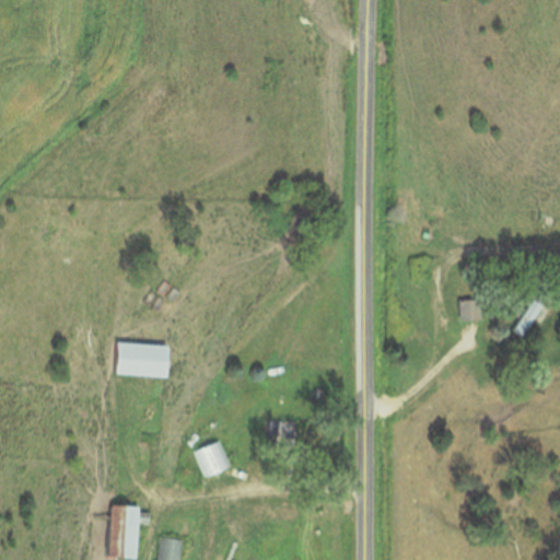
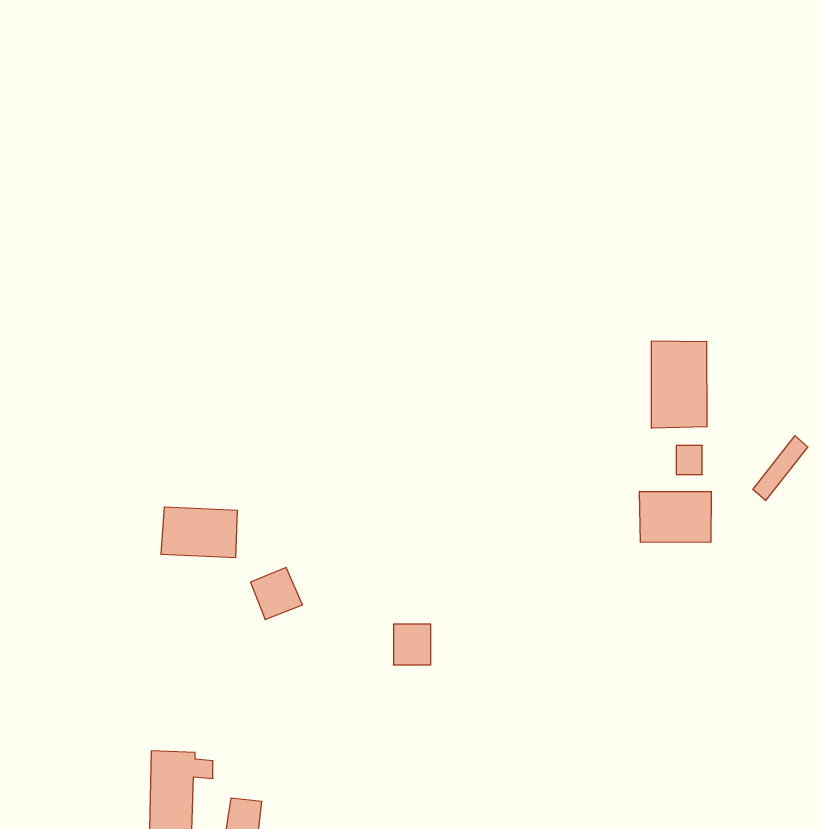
building: none -> [651,341,707,428]
building: none -> [639,491,711,542]
building: [196,441,231,476] -> [250,568,302,620]

